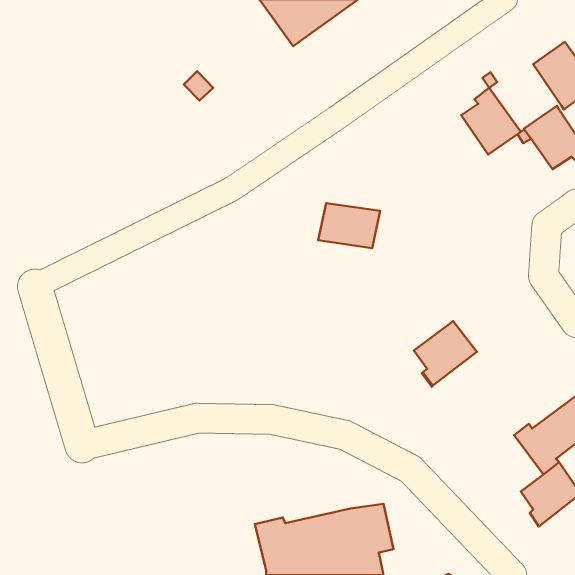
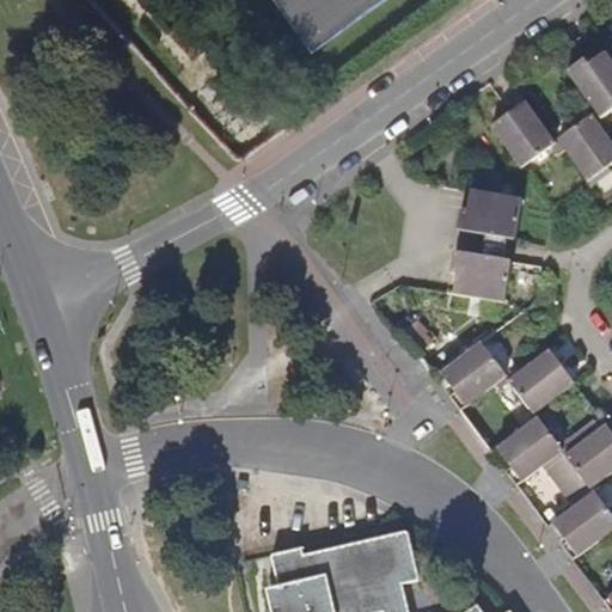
building: none -> [458,188,522,239]
building: [318,203,380,248] -> [447,252,513,300]
building: none -> [508,343,576,414]
building: none -> [496,417,562,484]

